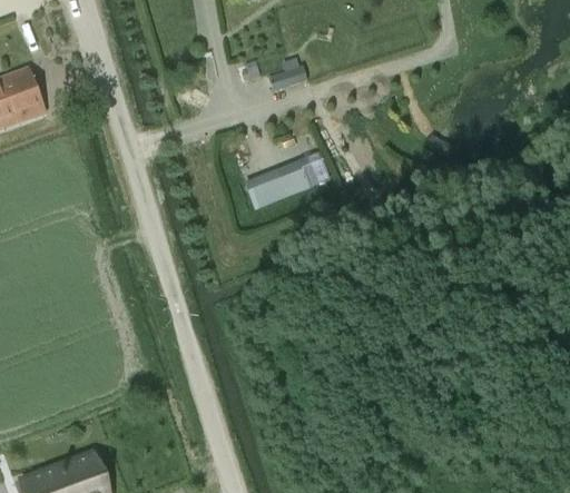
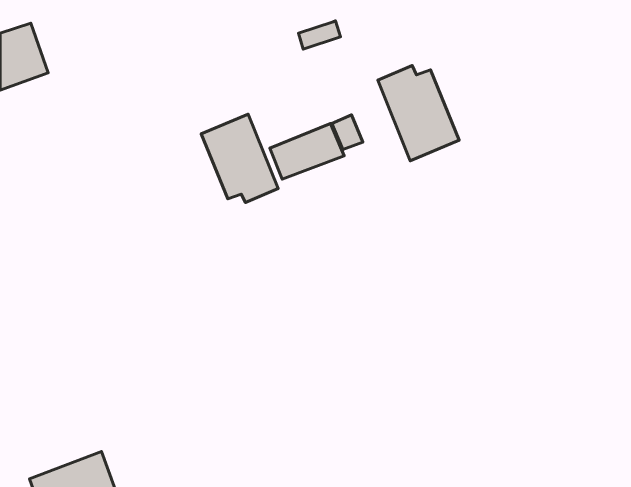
building: none -> [378,66,459,161]
building: none -> [201,114,278,203]

